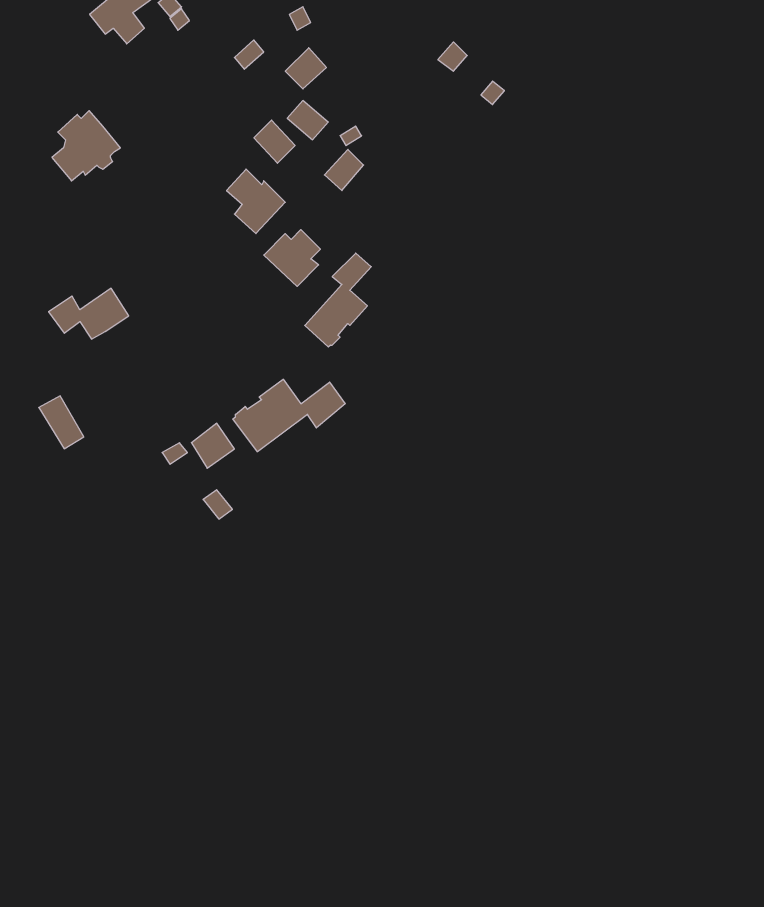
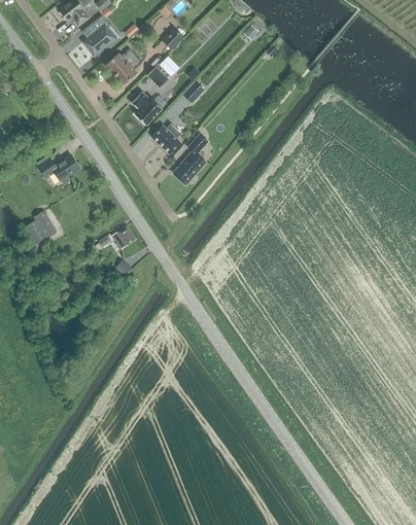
building: none -> [104,48,141,84]
building: [52,111,120,181] -> [82,16,118,54]
building: [233,379,345,452] -> none

